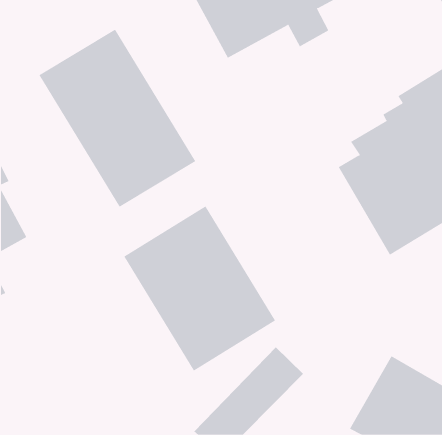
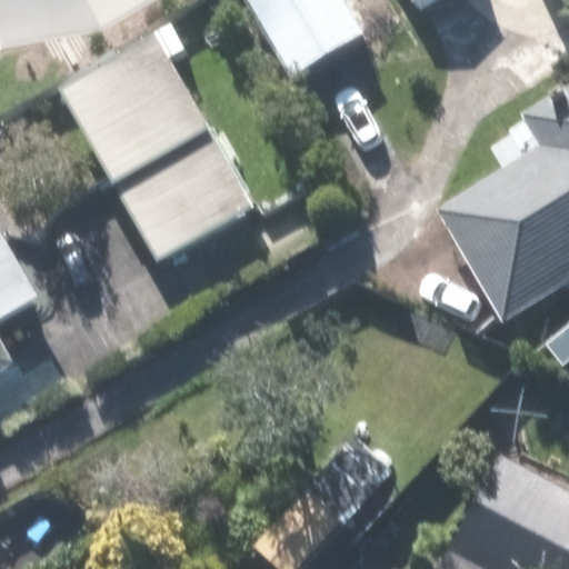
building: [124,206,276,371] -> none

